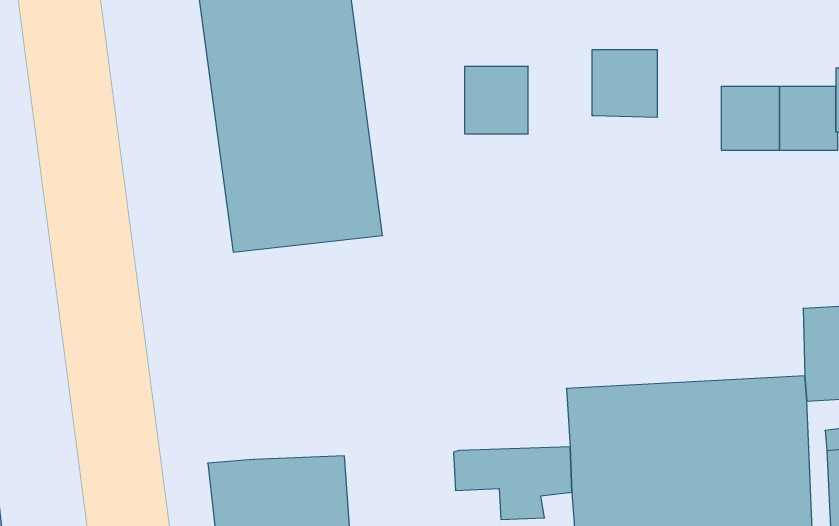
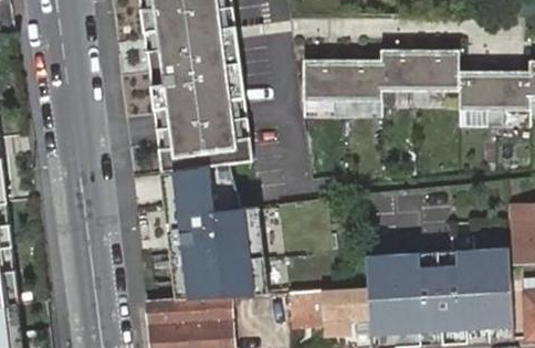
building: none -> [420,50,459,91]
building: none -> [342,60,381,101]
building: none -> [160,162,271,298]

